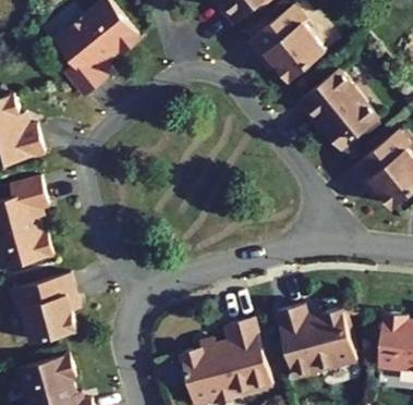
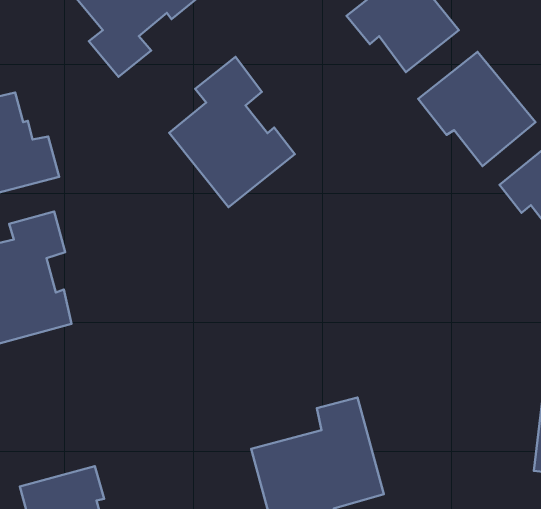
building: none -> [169,57,295,207]
building: [13,279,78,347] -> none
building: [276,299,356,373] -> none

